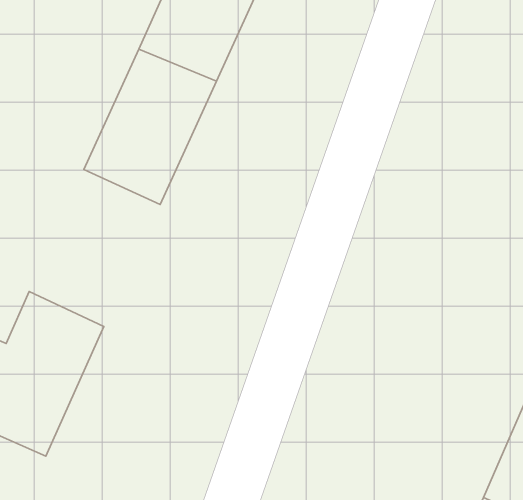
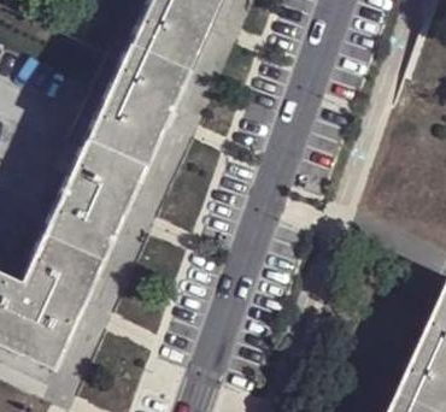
building: none -> [39,141,142,265]

